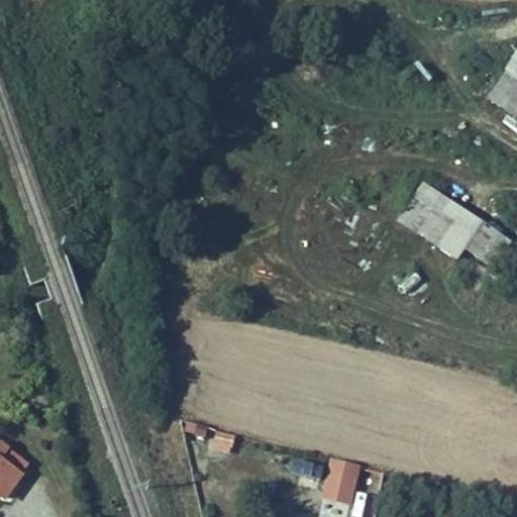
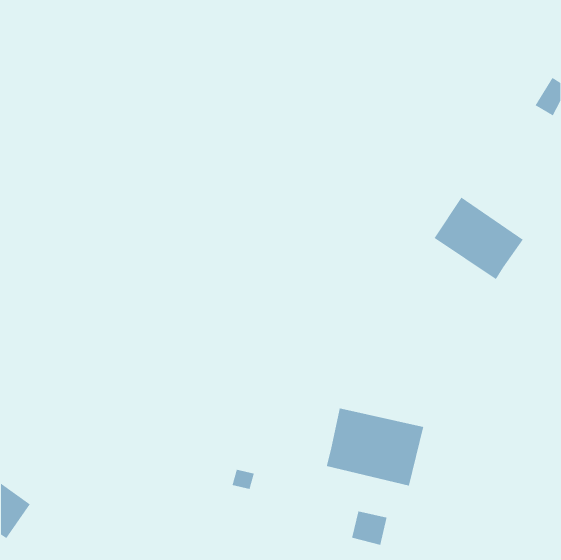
building: [463,221,510,267] -> none
building: none -> [326,408,424,486]

